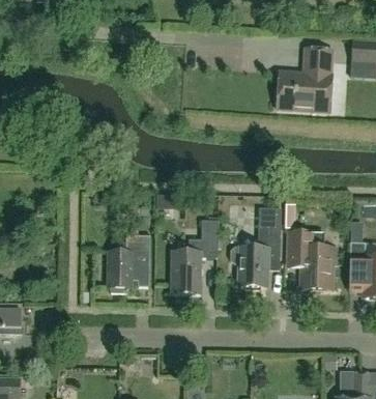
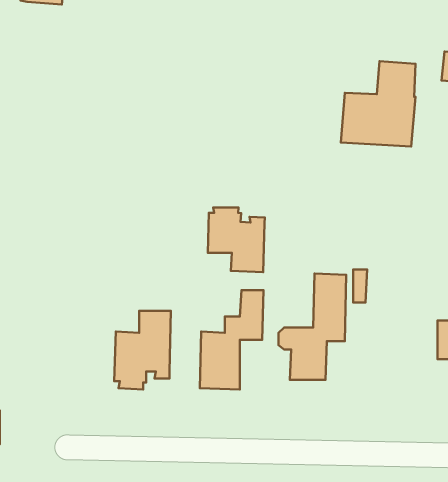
building: none -> [208,207,265,272]
building: [287,231,336,289] -> none

